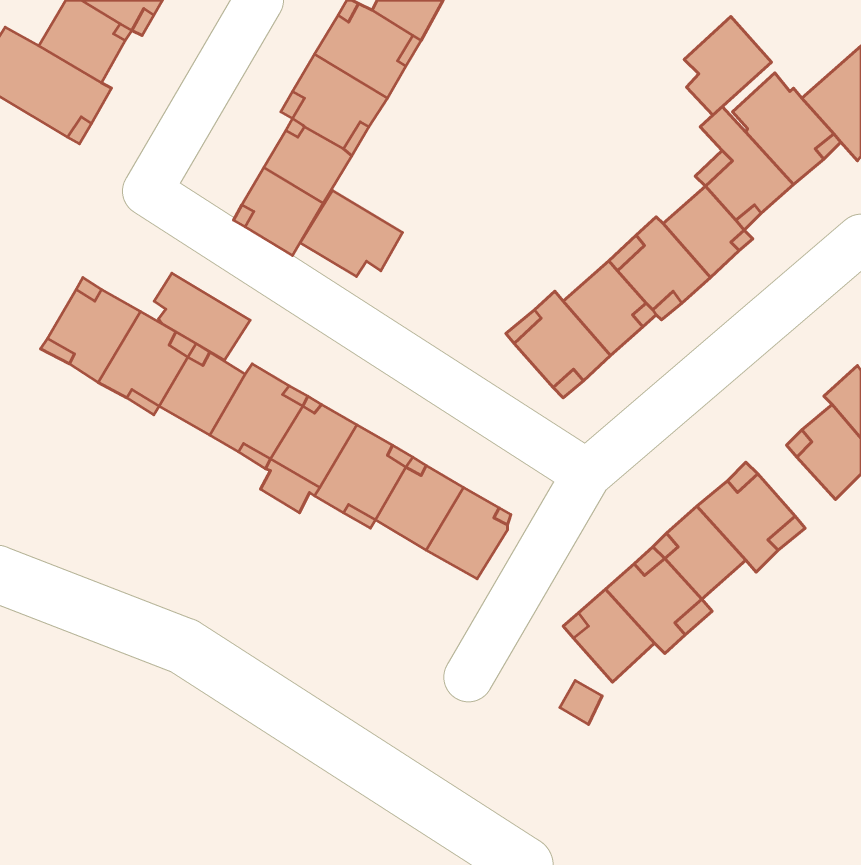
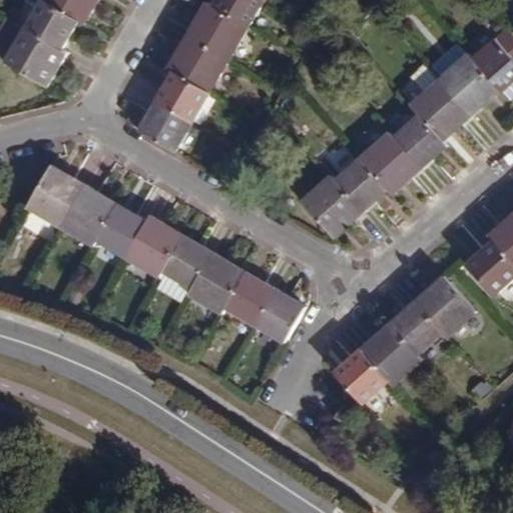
building: [684,16,771,115] -> none
building: [300,190,402,277] -> none
building: [154,273,250,360] -> none

